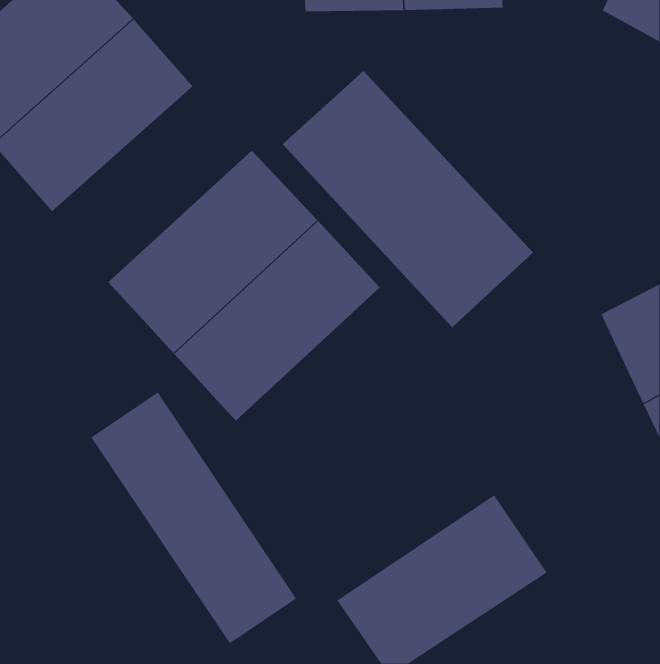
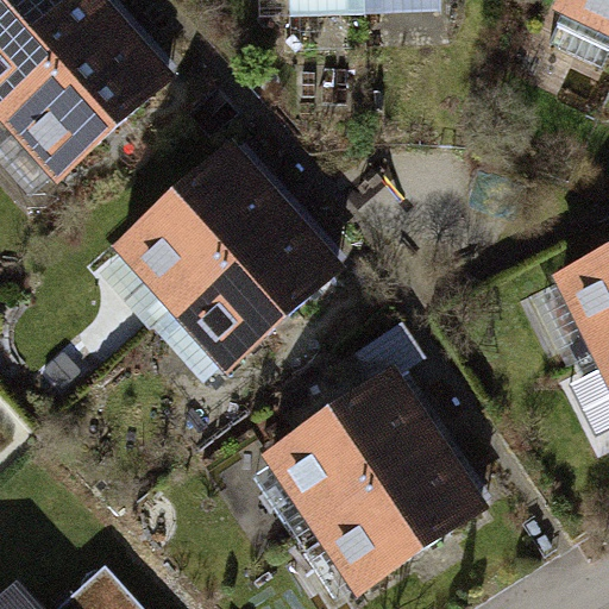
building: [282,70,534,328] -> none
building: [91,392,297,644] -> none
building: none -> [253,372,444,539]

